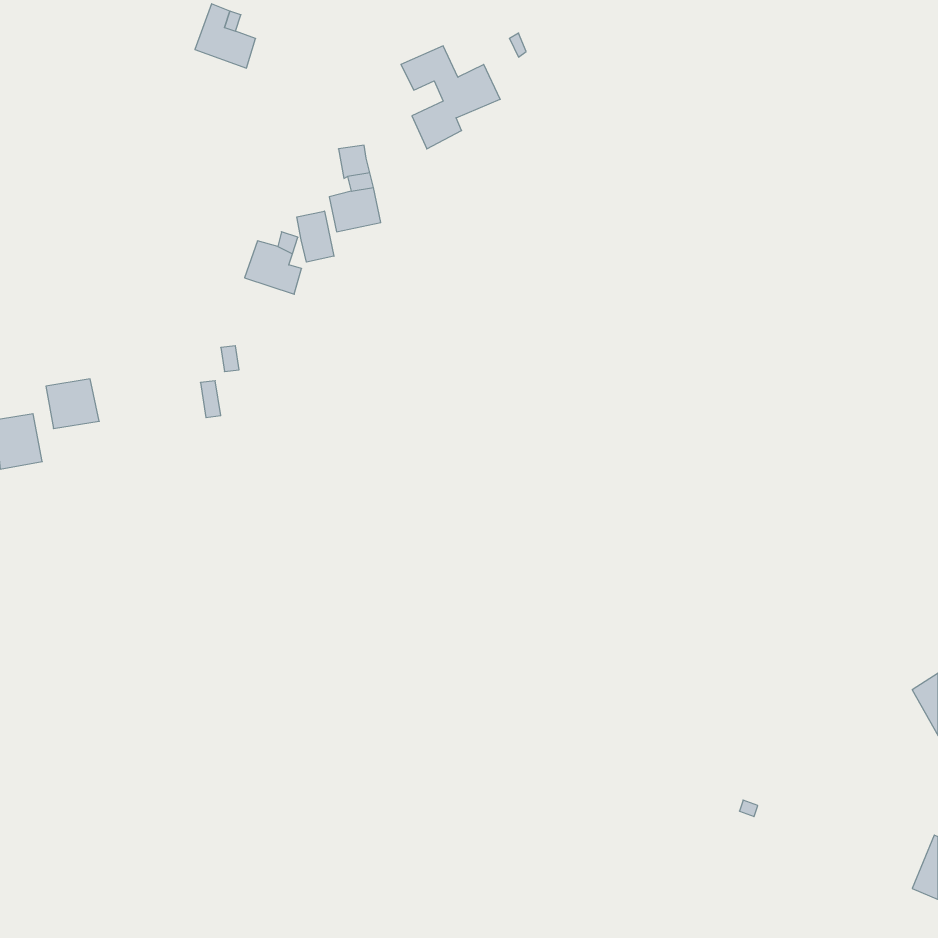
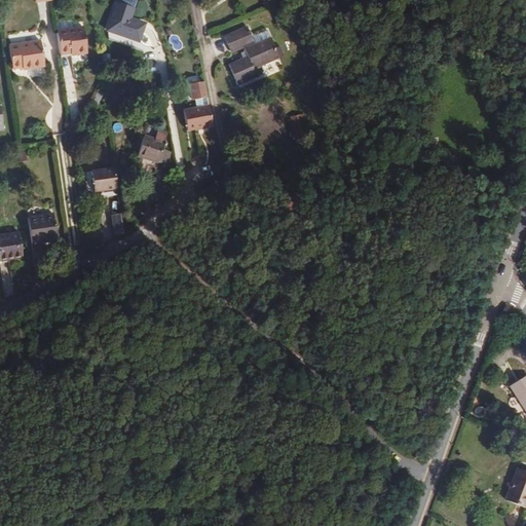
building: none -> [54,22,90,57]
building: none -> [9,39,44,68]
building: [297,211,334,262] -> none
building: none -> [90,167,116,190]

